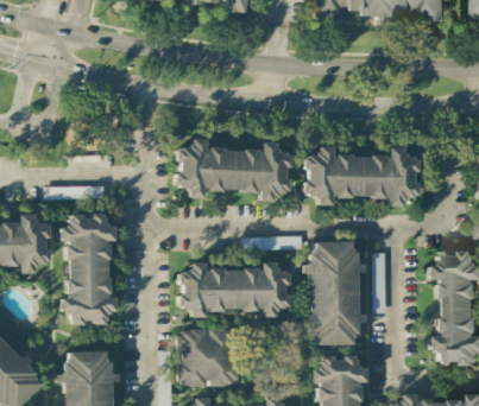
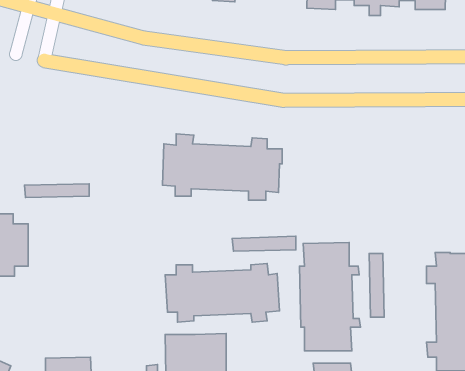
building: [304,146,418,207] -> none
building: [61,212,116,324] -> none

